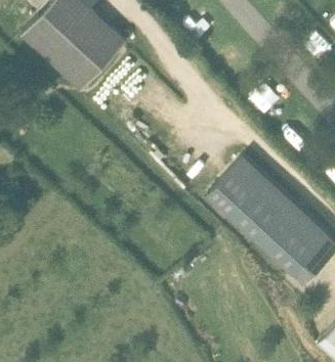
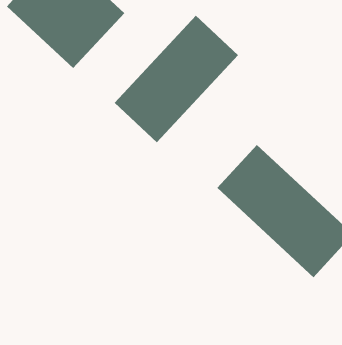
building: none -> [114,15,239,143]

